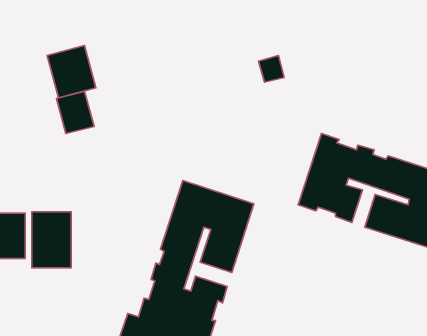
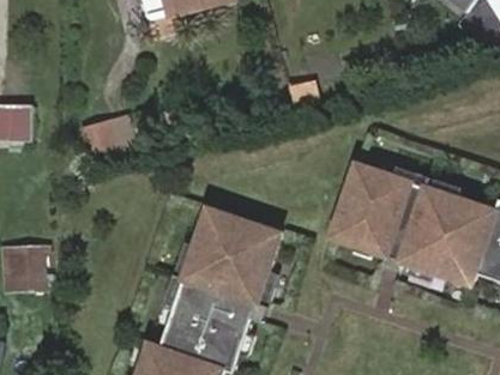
building: [47,45,96,98] -> none
building: [32,212,71,268] -> none

